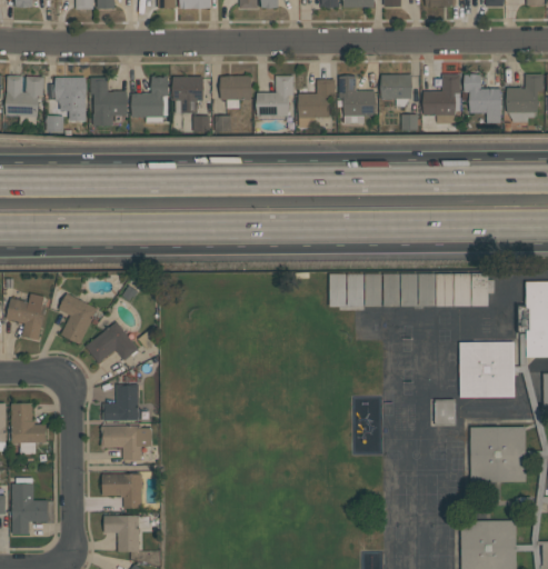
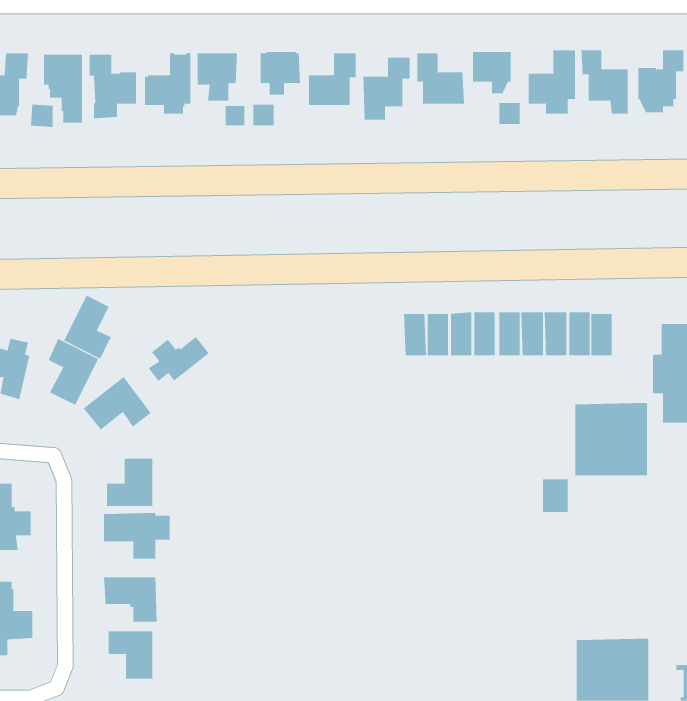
building: none -> [63,295,111,359]
building: none -> [148,336,210,382]
building: [470,427,526,481] -> none

